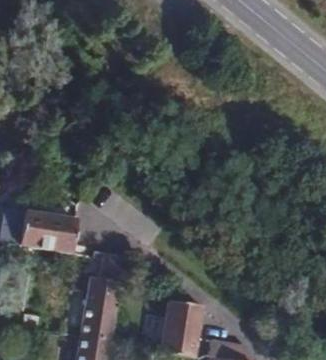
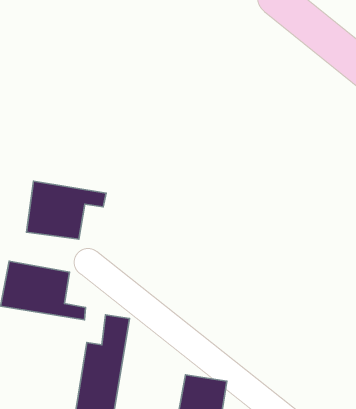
building: none -> [26,181,106,239]

